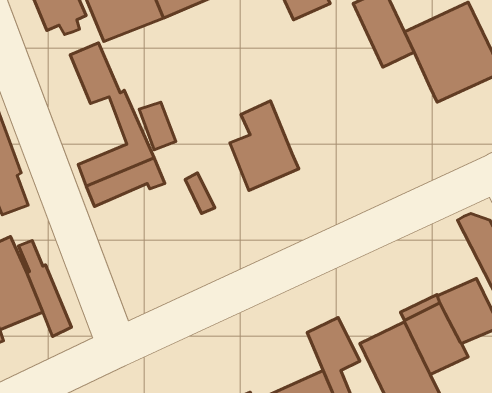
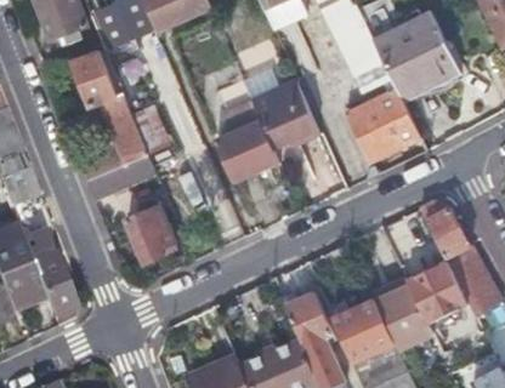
building: none -> [253,81,319,149]
building: none -> [346,90,420,164]
building: none -> [127,205,177,264]

